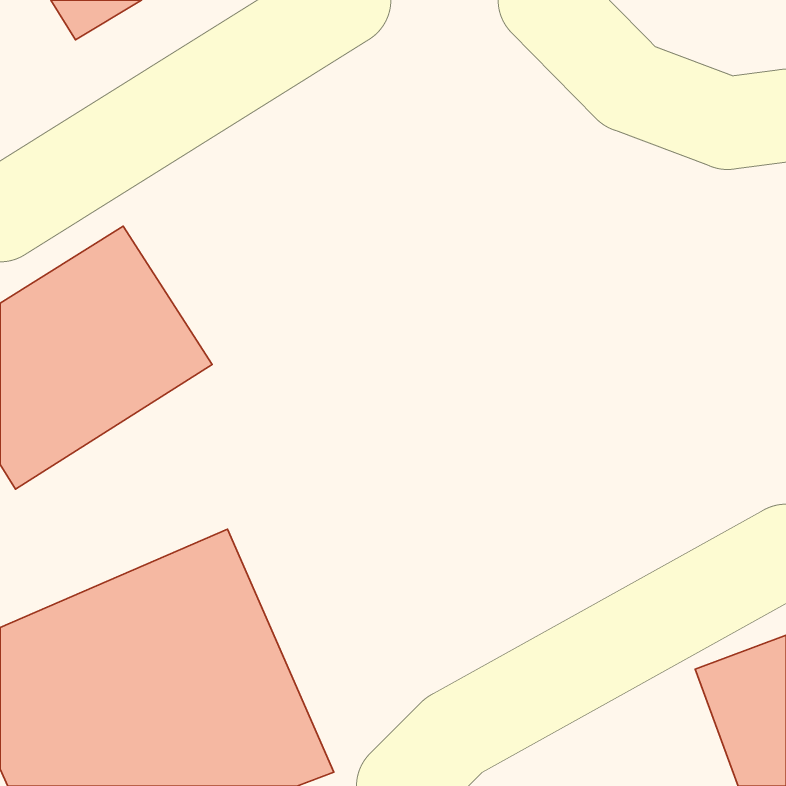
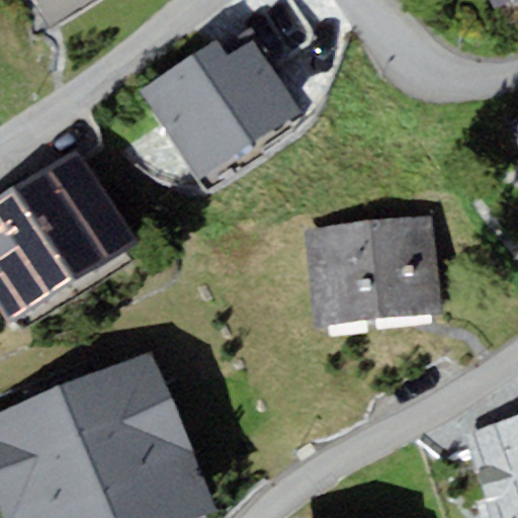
building: none -> [141,37,301,177]
building: none -> [304,218,441,325]

